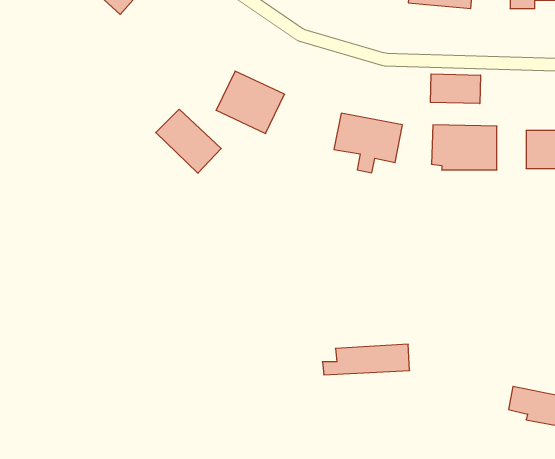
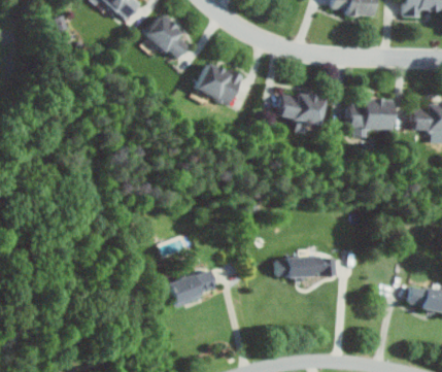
building: [430,74,480,104] -> none
building: [156,109,221,173] -> [145,15,192,61]
building: none -> [162,269,209,306]

